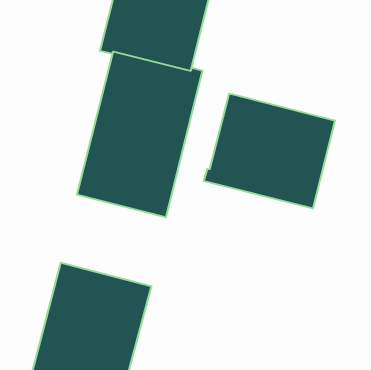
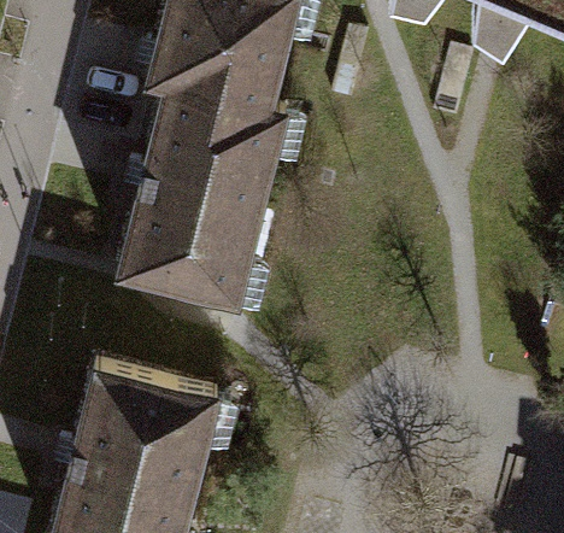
building: [204,94,335,208] -> none

